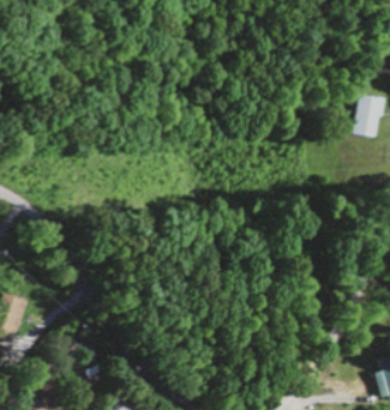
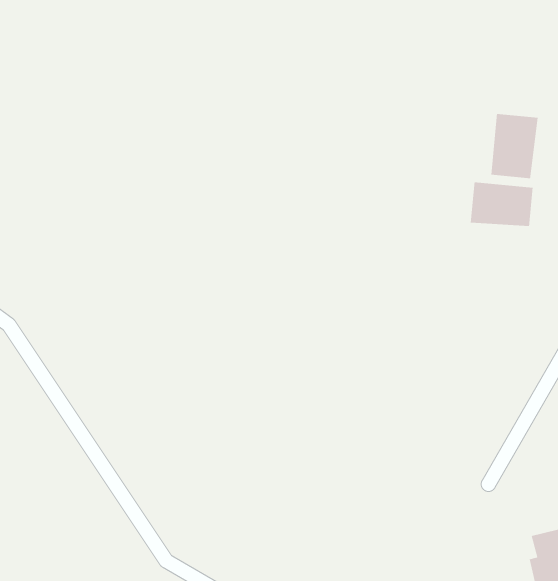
building: none -> [470,182,533,227]

